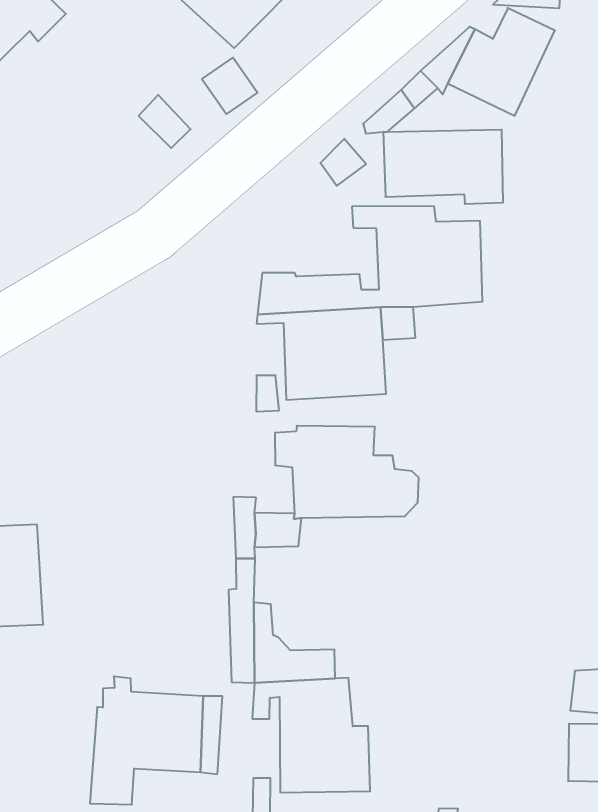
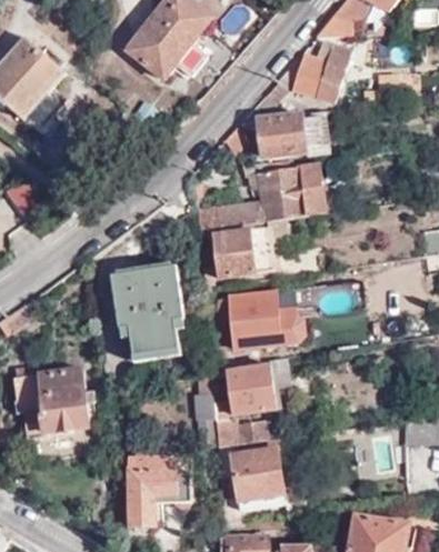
building: none -> [109,265,186,357]
building: none -> [226,362,297,414]

